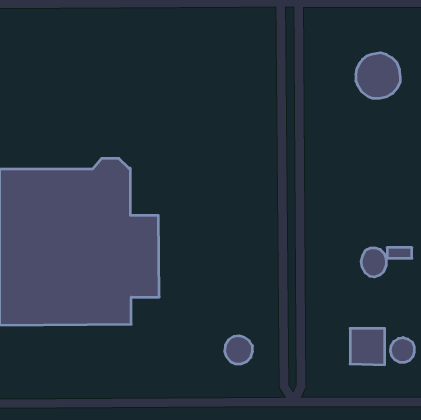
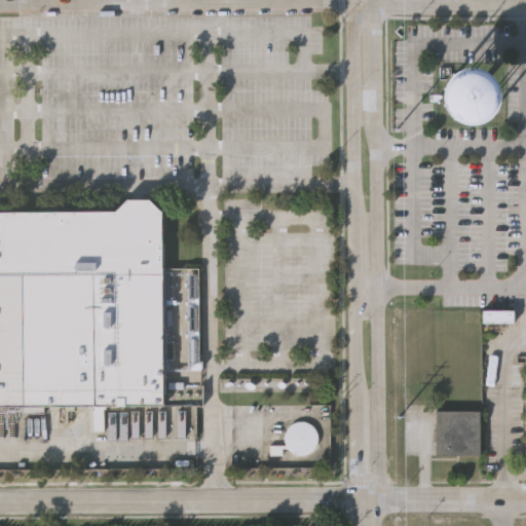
building: [361,248,386,277] -> none
building: [390,337,414,362] -> none

